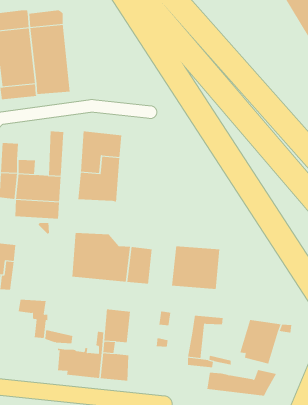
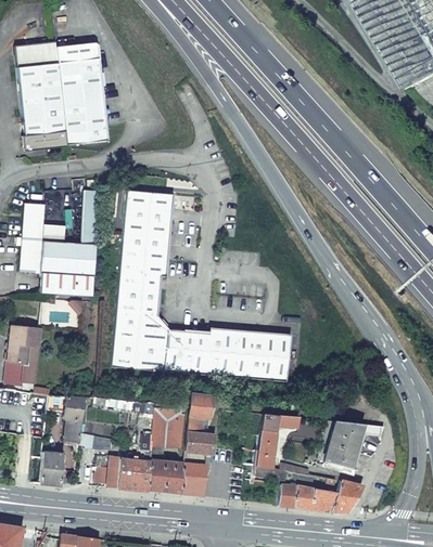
building: none -> [115,273,161,315]
building: none -> [205,328,238,378]
building: none -> [183,393,212,453]
building: none -> [39,451,64,483]
building: none -> [180,463,203,496]

